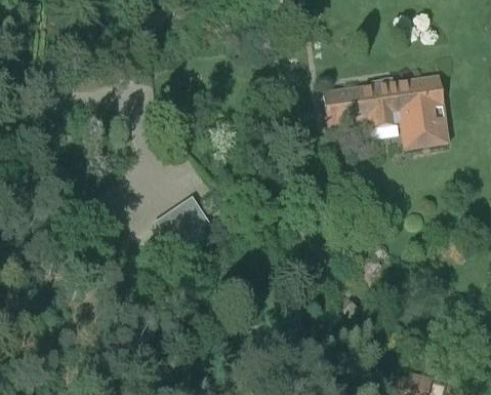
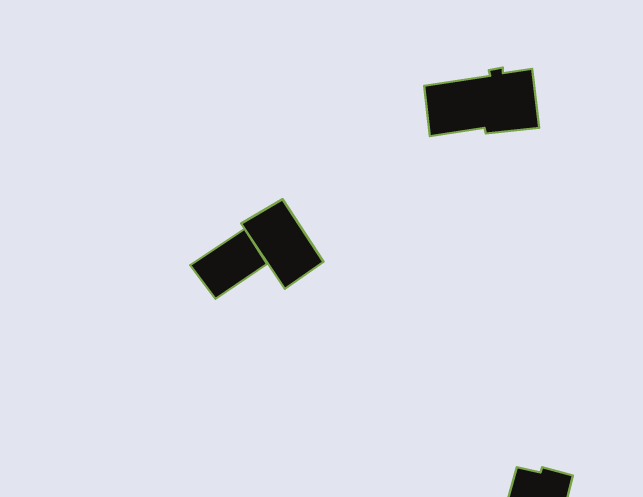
building: [405,77,445,139] -> none
building: none -> [241,199,324,289]

